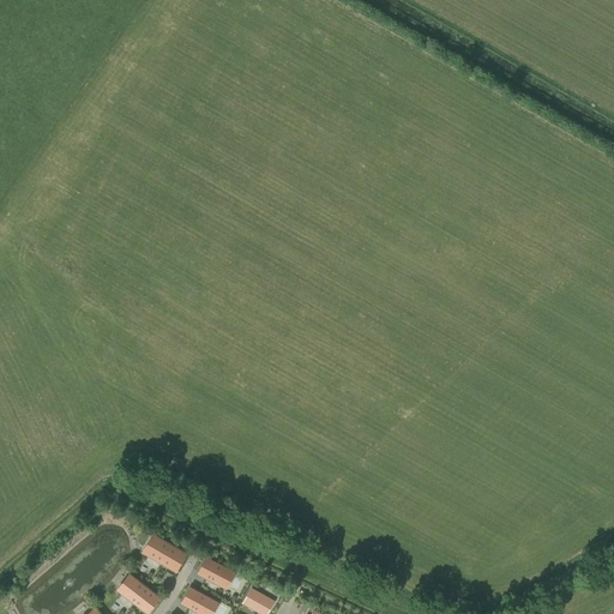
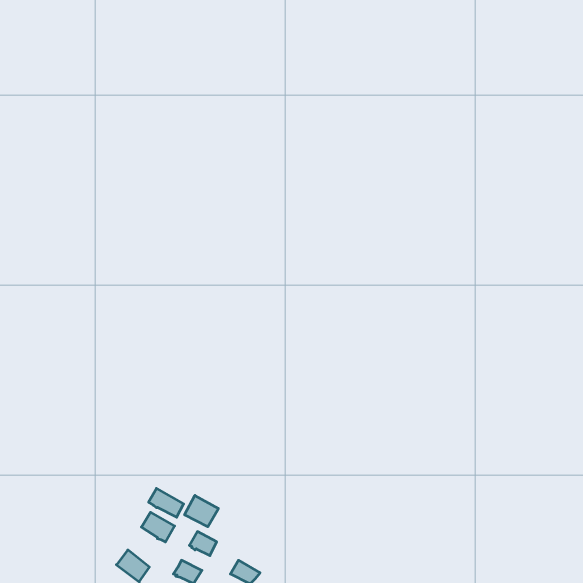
building: none -> [149,488,184,517]
building: none -> [185,495,218,527]

